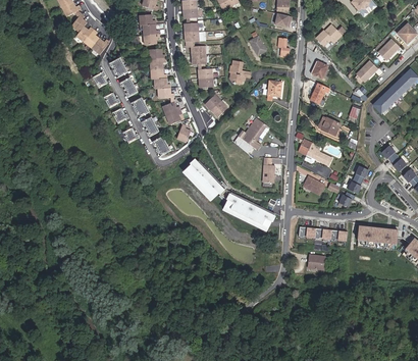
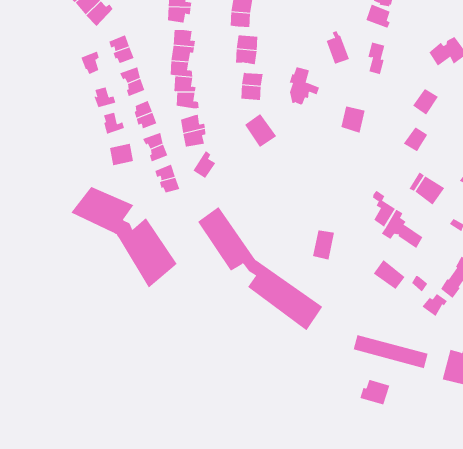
building: [236,117,266,150] -> none
building: none -> [70,186,177,288]

